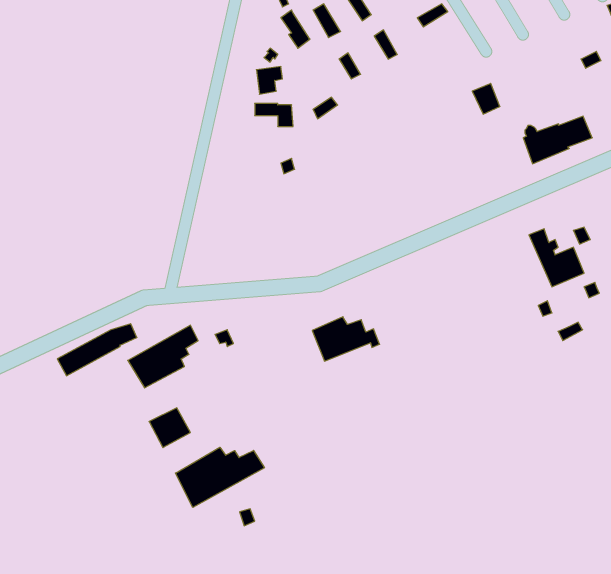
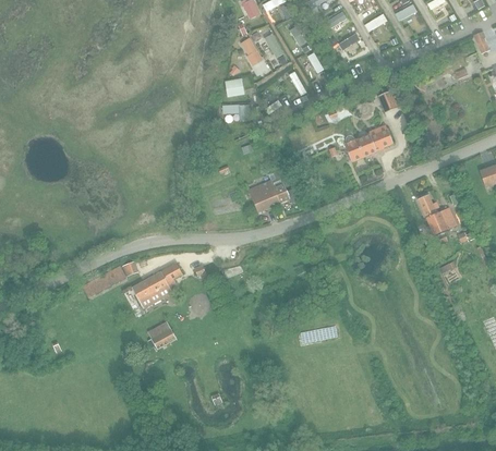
building: [523,116,592,164] -> [344,127,394,161]
building: [312,317,380,361] -> [249,179,297,210]
building: [175,447,264,507] -> none

